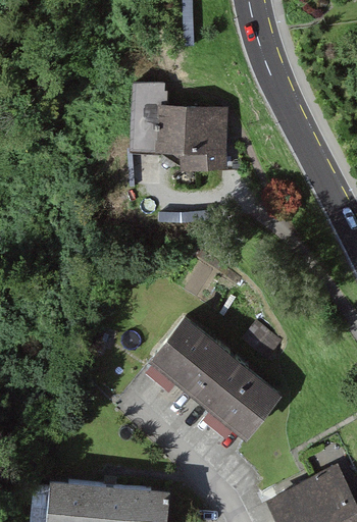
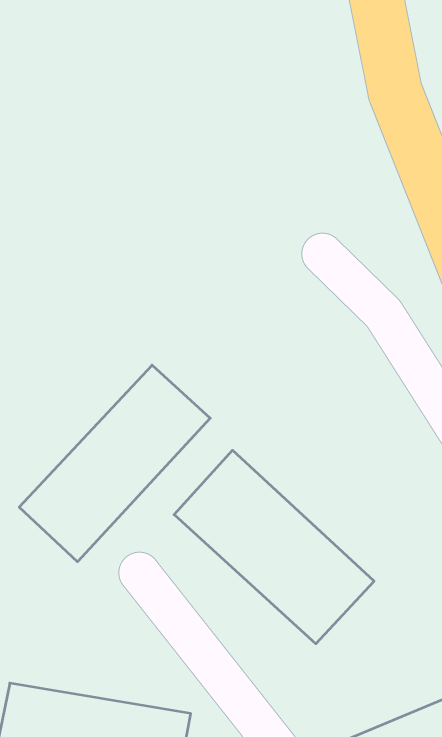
building: [130,85,224,172] -> none
building: none -> [19,365,210,562]

